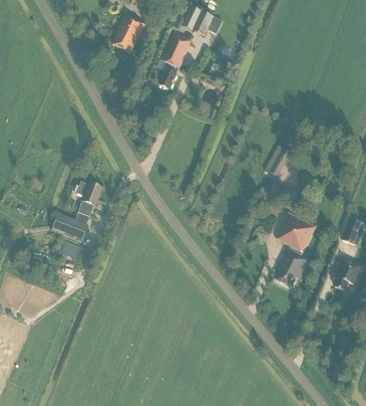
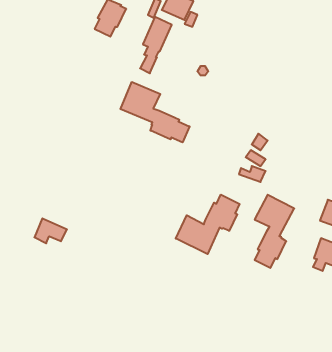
building: none -> [120,82,190,142]
building: [52,183,101,240] -> none
building: none -> [176,195,240,254]

